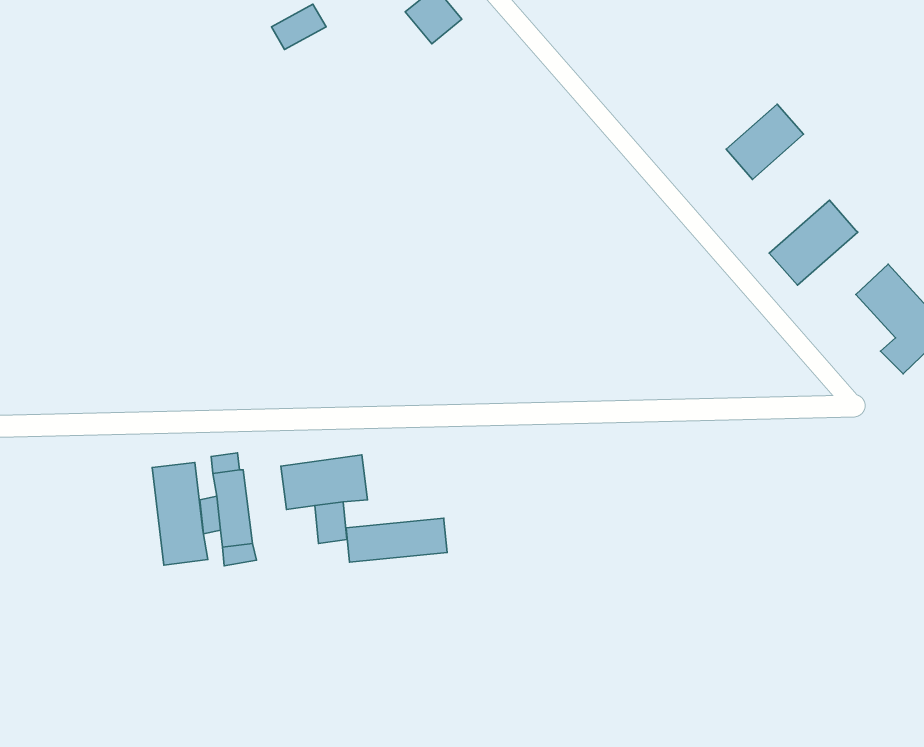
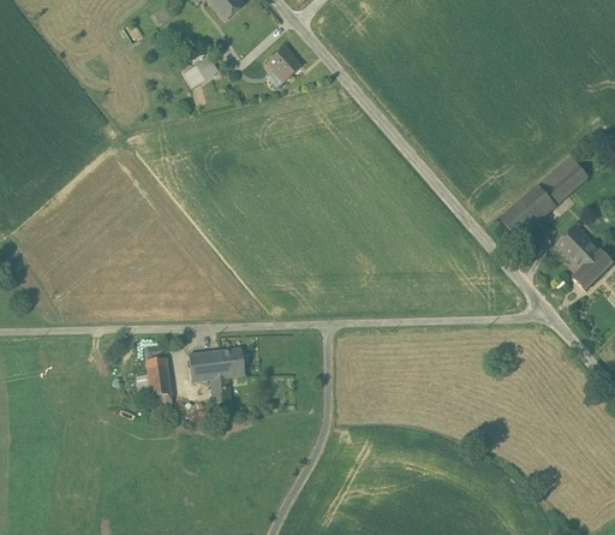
building: [726,104,803,179] -> [538,154,587,202]
building: [152,462,208,565] -> none
building: [346,518,447,562] -> none

